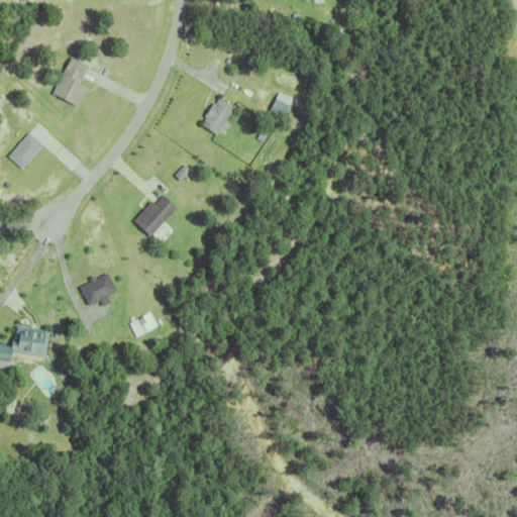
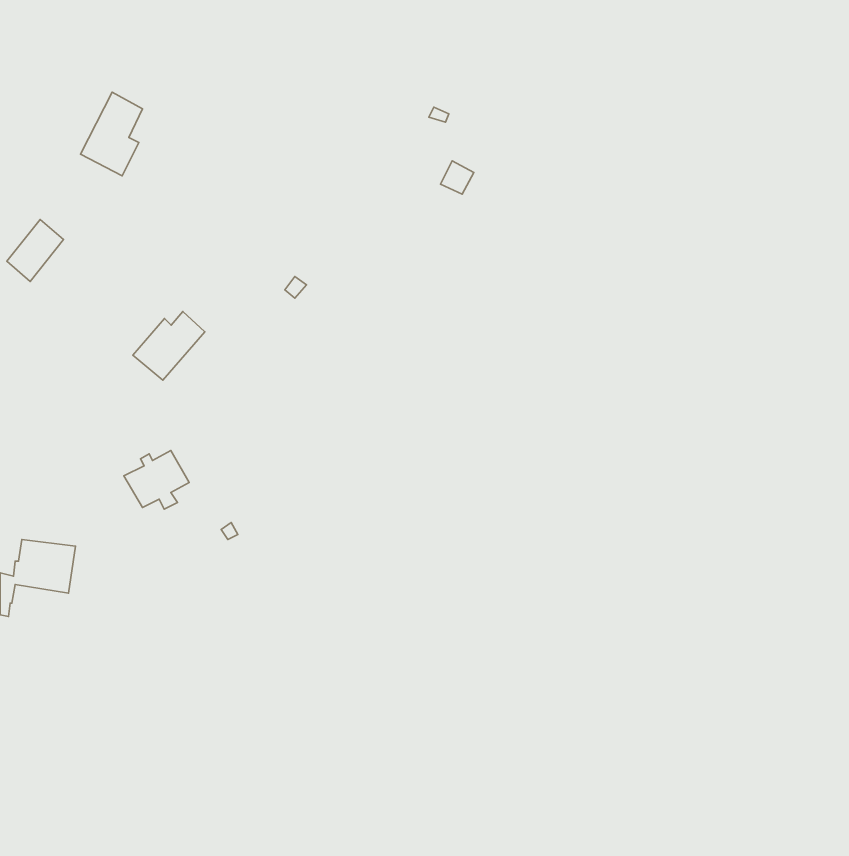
building: [202,96,236,134] -> none
building: [133,195,177,236] -> [133,312,205,380]

